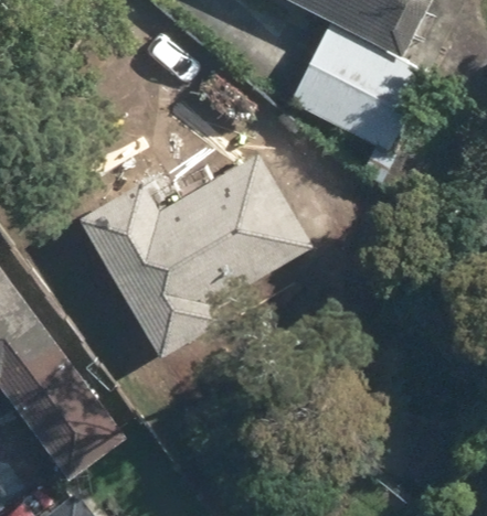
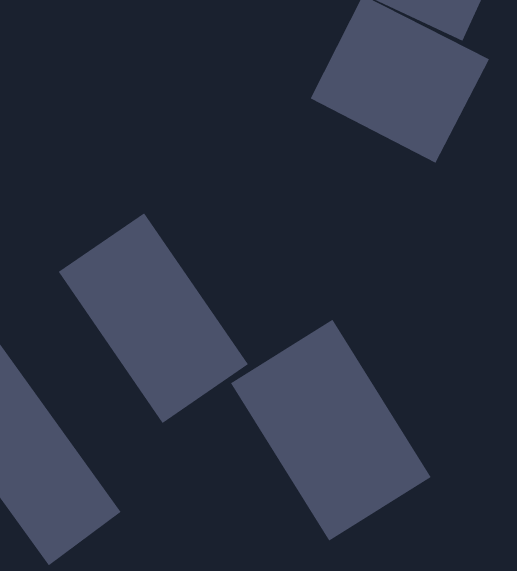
building: [172,139,318,294] -> none
building: none -> [230,319,432,541]

